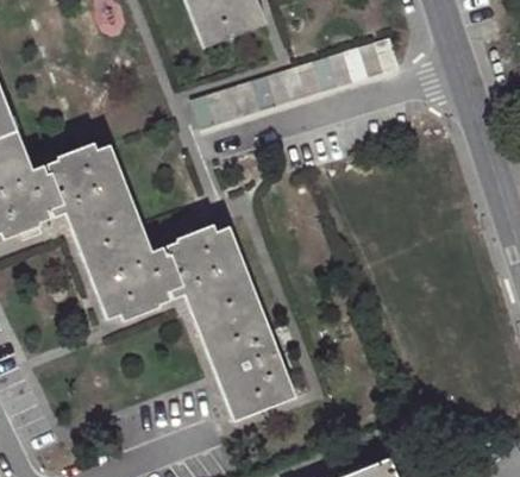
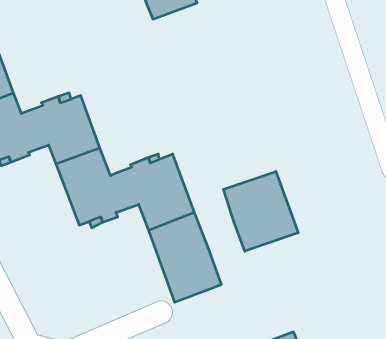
building: [190,38,399,130] -> none
building: none -> [223,171,298,251]

